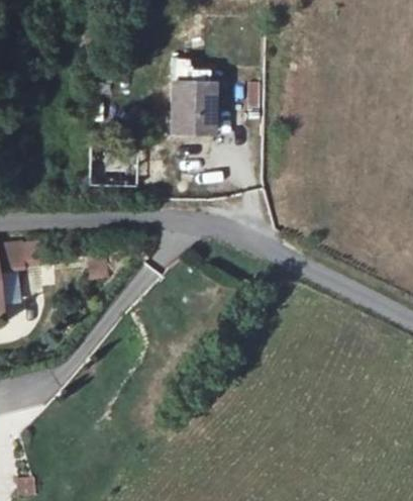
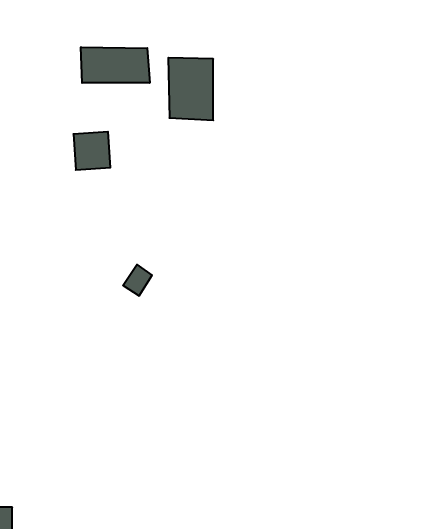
building: none -> [81,47,150,83]

